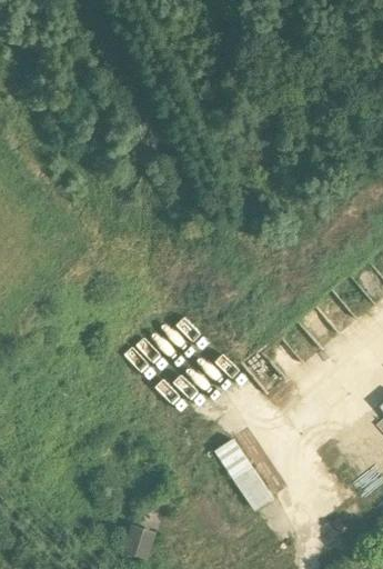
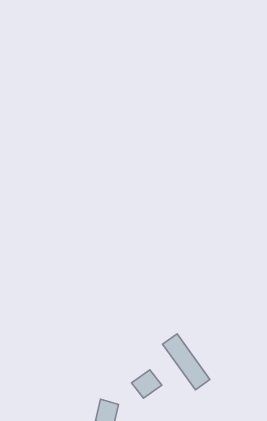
building: none -> [132,370,162,398]

